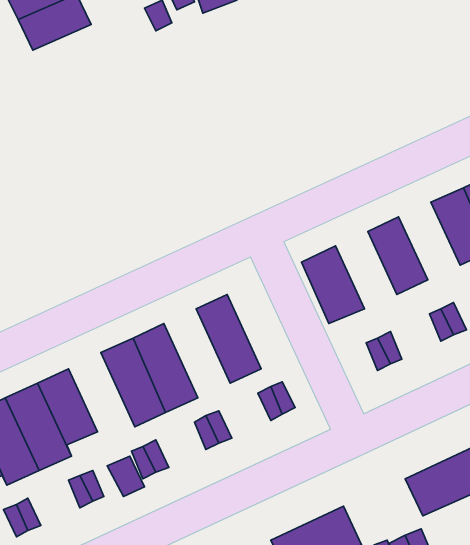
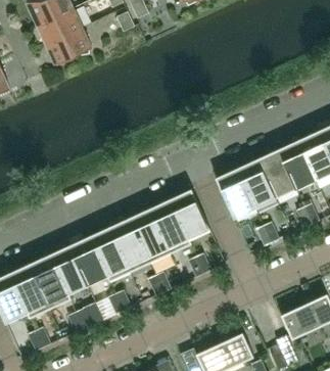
building: none -> [46,28,91,64]
building: none -> [277,140,316,189]
building: none -> [237,158,276,207]
building: none -> [169,188,209,245]
building: none -> [129,207,171,264]
building: none -> [68,235,110,285]

